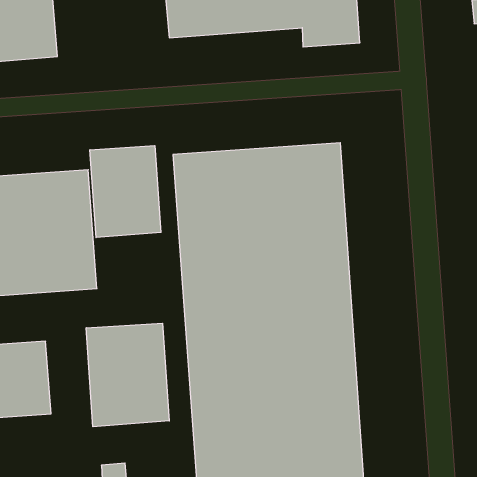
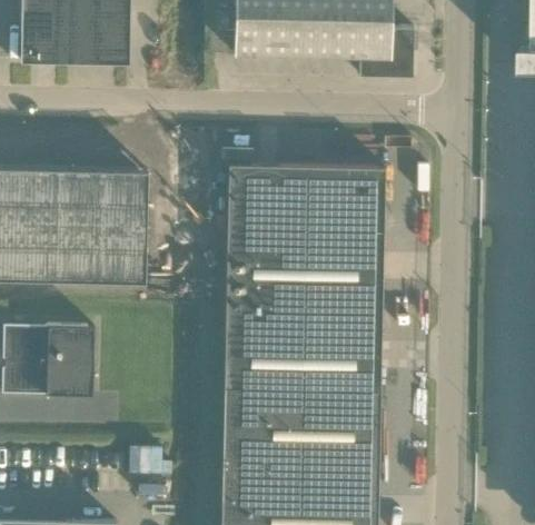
building: [90,146,161,238] -> none
building: [86,323,169,427] -> none

